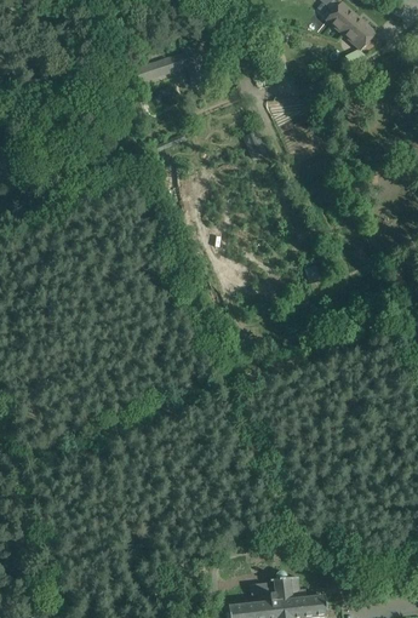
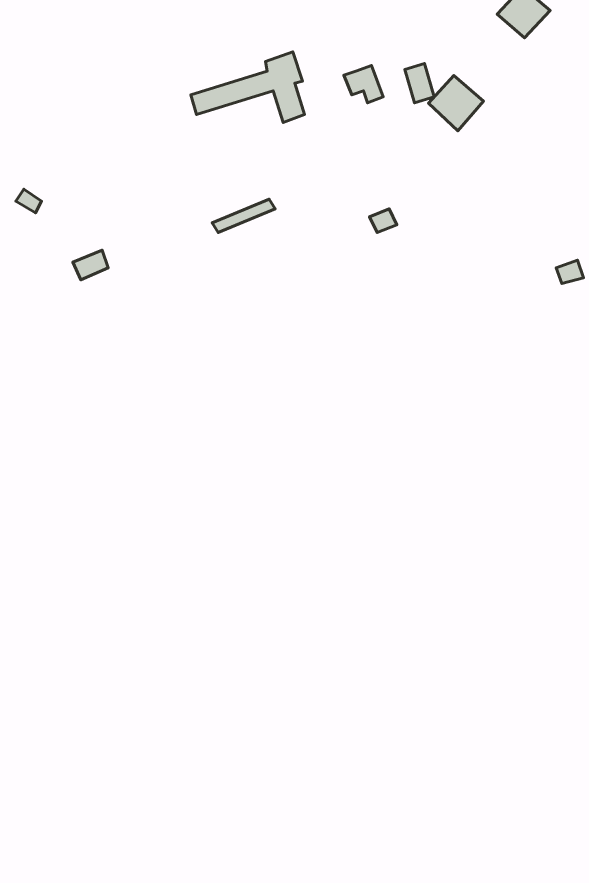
building: [342,18,376,52] -> [428,76,483,131]

